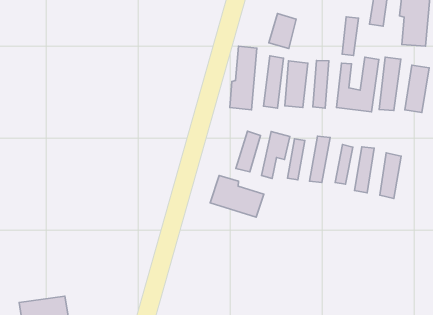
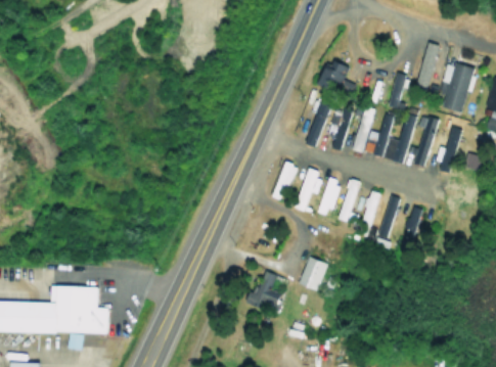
building: [230,46,257,110] -> none
building: [210,175,264,217] -> none
building: none -> [298,255,329,290]
building: none -> [252,269,282,309]

